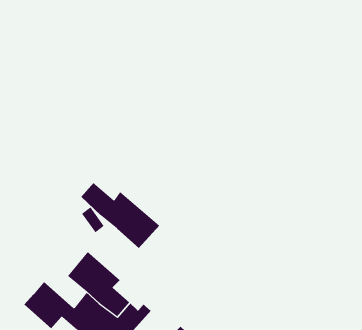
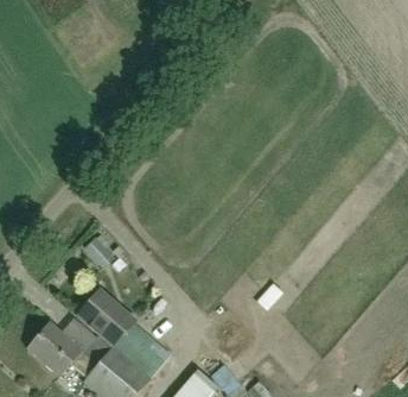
building: [81,182,160,249] -> none

